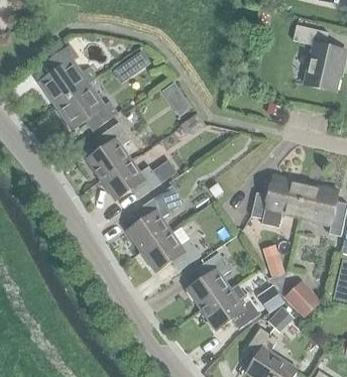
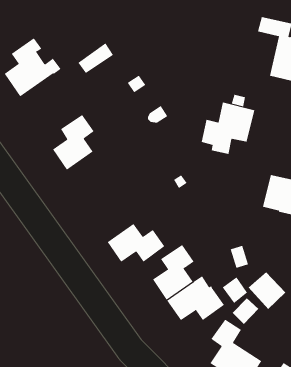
building: [55,83,117,130] -> none
building: [102,160,160,200] -> none
building: [251,175,306,228] -> [201,102,255,154]
building: [127,185,184,251] -> none

